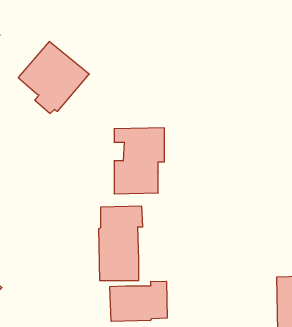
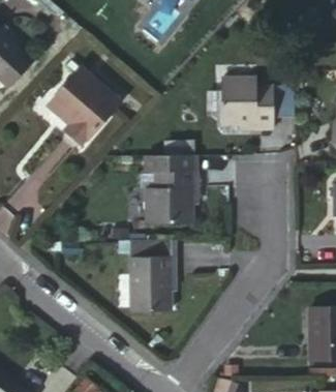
building: none -> [222,79,273,130]
building: [110,281,167,321] -> none

